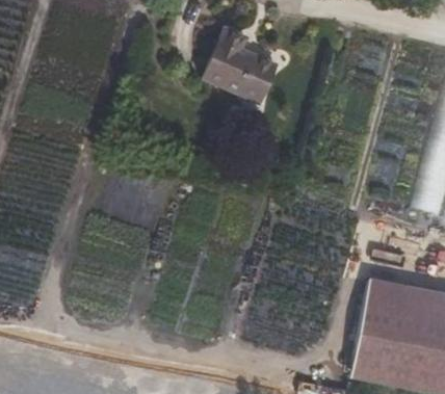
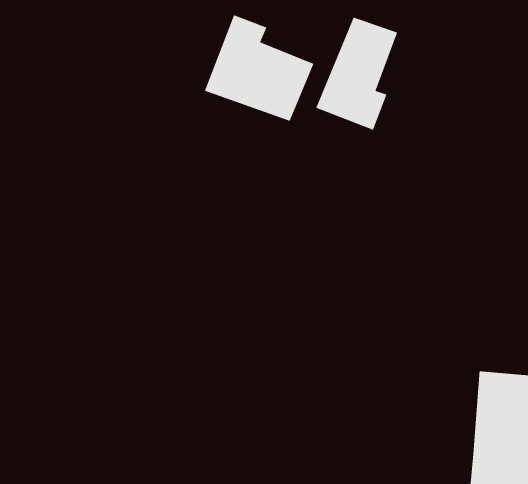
building: none -> [315,17,398,131]

